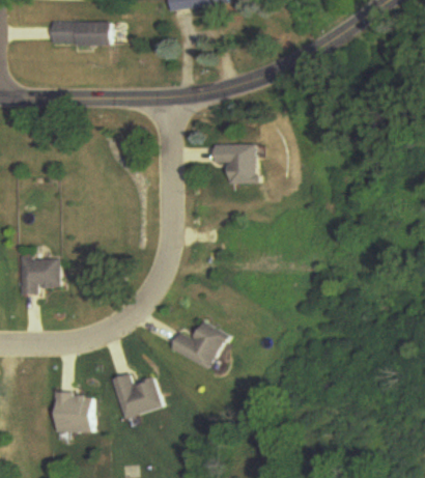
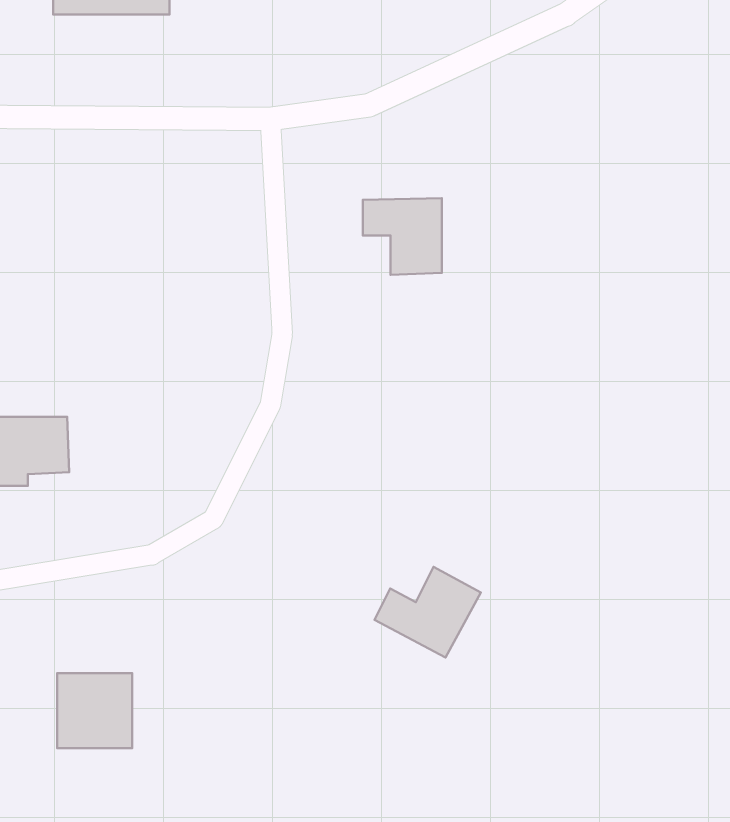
building: [170,321,226,369] -> [374,567,481,657]
building: [111,374,161,418] -> none

